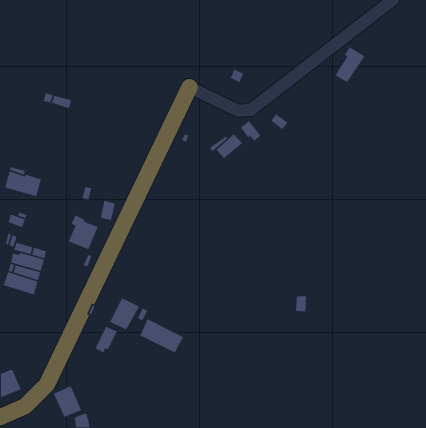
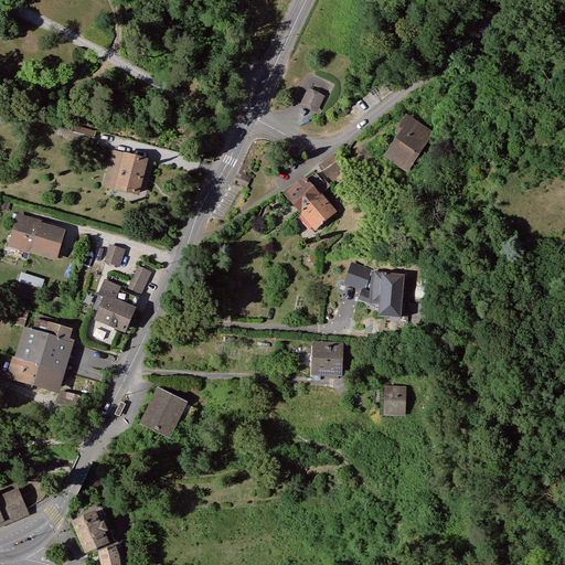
building: [335,46,366,83] -> [384,120,425,169]
building: none -> [115,158,143,195]
building: none -> [298,195,330,227]
building: none -> [350,265,407,319]
building: none -> [321,345,347,374]
building: [139,318,184,353] -> none
building: [95,326,118,354] -> none

